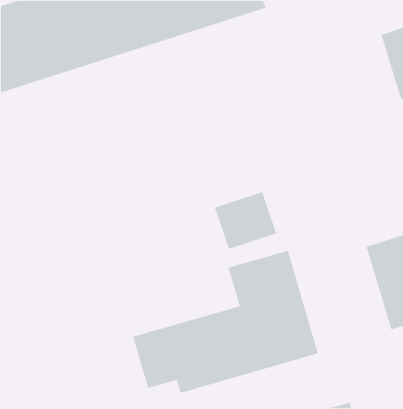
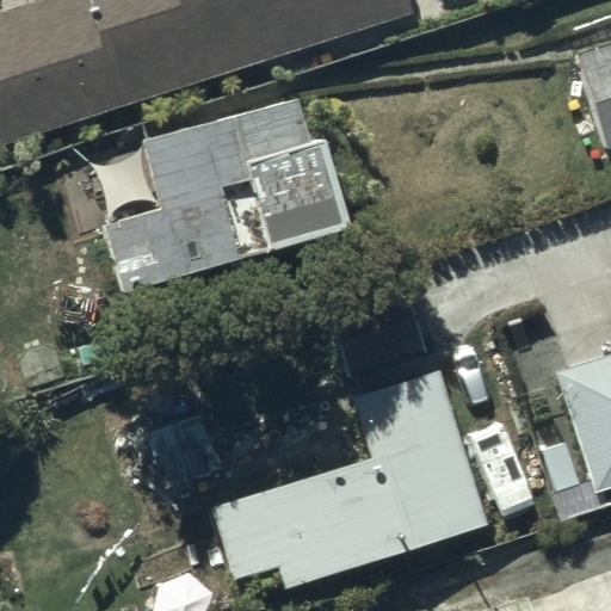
building: none -> [119,95,347,290]

